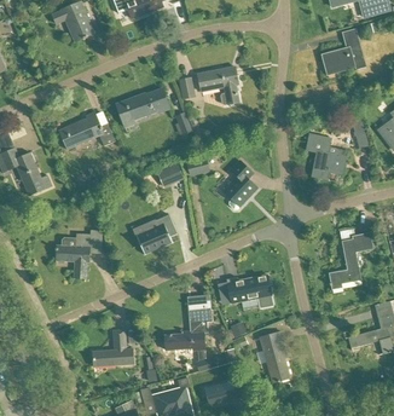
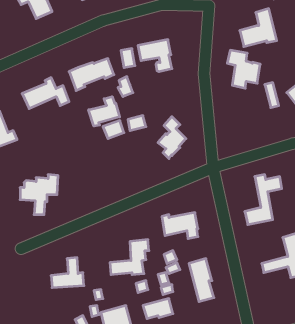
building: [306,133,346,179] -> [227,50,260,88]
building: none -> [89,97,120,126]
building: [135,213,176,253] -> none

